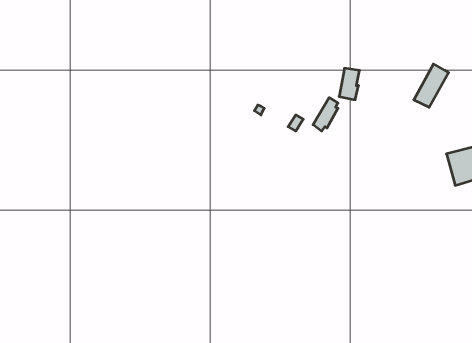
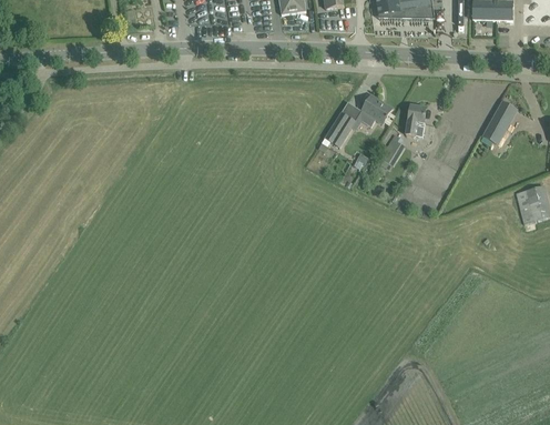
building: none -> [357,94,391,125]
building: none -> [325,112,355,146]

